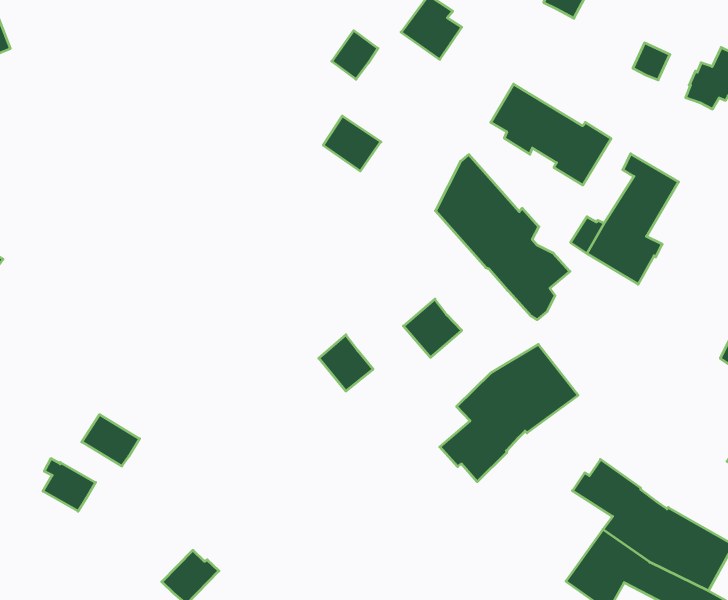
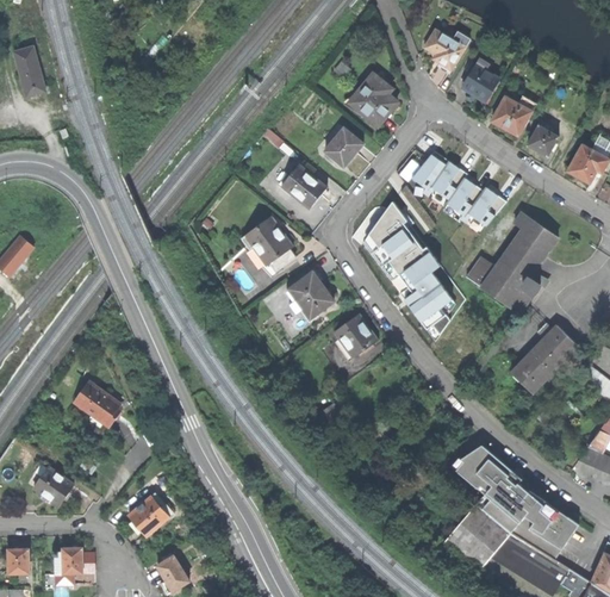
building: none -> [492,95,535,135]
building: [332,31,378,79] -> [324,128,361,166]
building: none -> [241,216,294,270]
building: none -> [512,323,577,391]
building: [319,335,373,391] -> [290,272,331,316]
building: [440,344,578,482] -> none
building: [43,459,96,511] -> [32,462,74,505]

